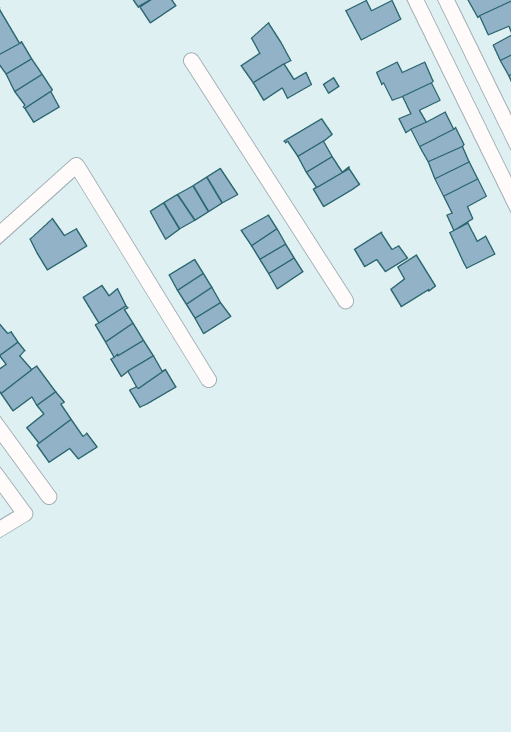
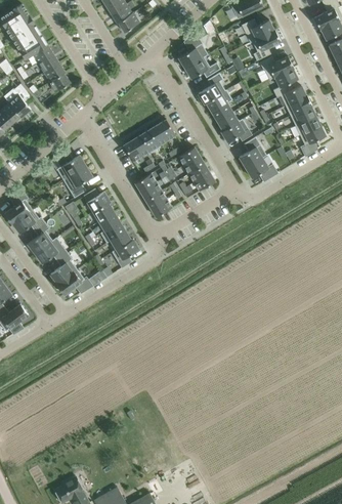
building: none -> [252,31,280,60]
building: none -> [198,73,225,103]
building: [450,223,495,268] -> none
building: none -> [63,166,92,199]
building: [391,255,435,307] -> [240,137,266,168]

